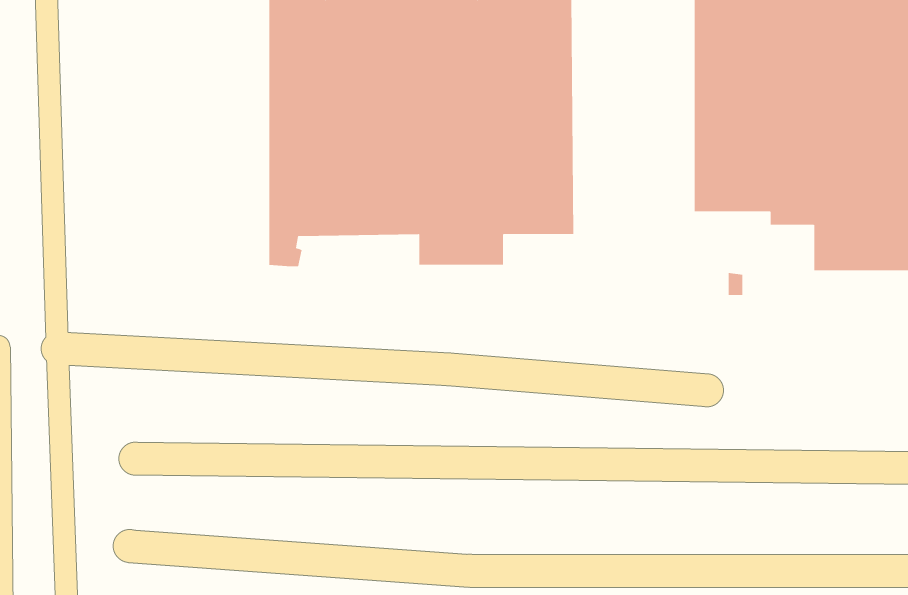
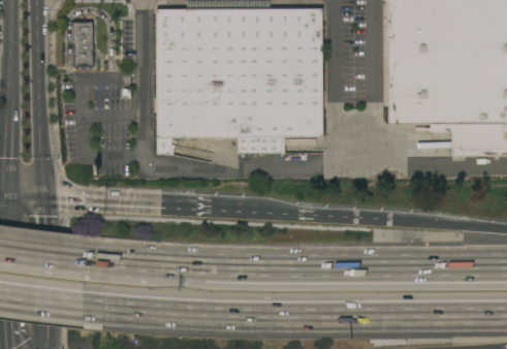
building: none -> [71,22,94,69]

